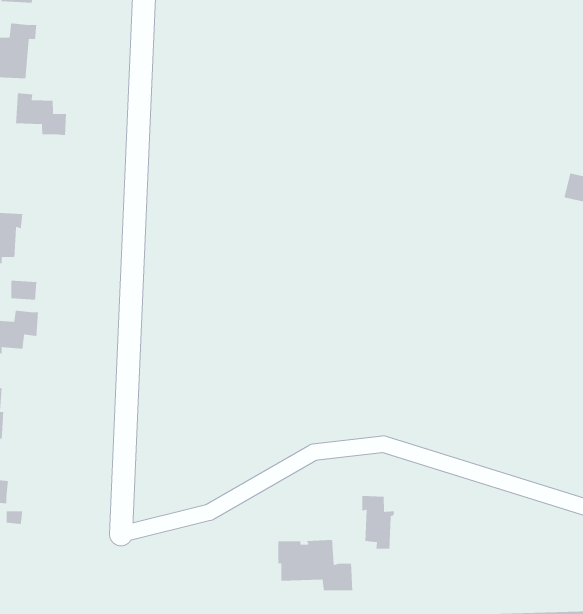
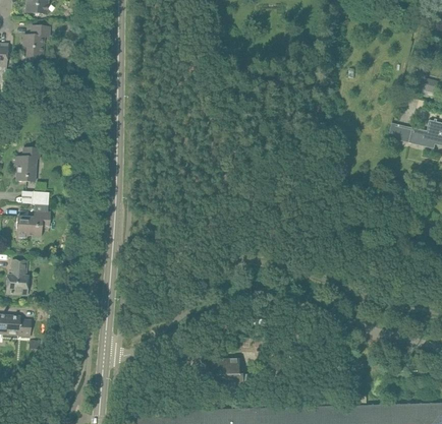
building: [15,92,67,136] -> none
building: [361,495,395,549] -> none

